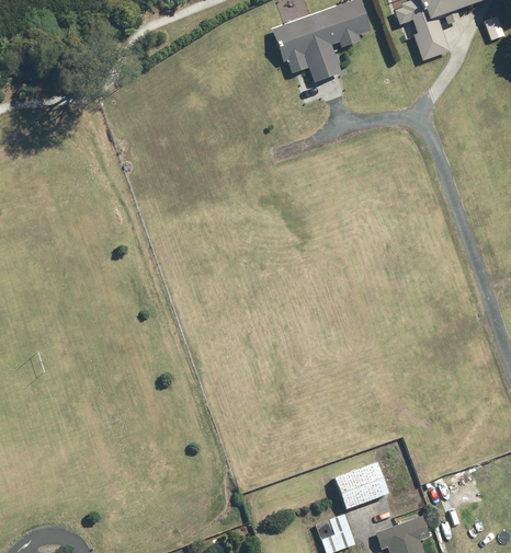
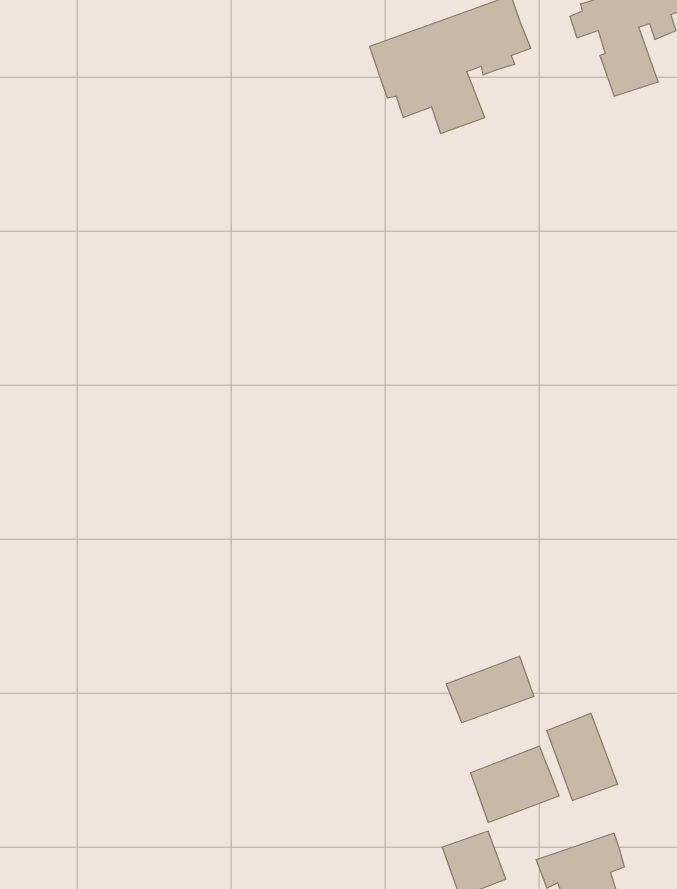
building: none -> [446,656,534,723]
building: none -> [547,713,618,801]

